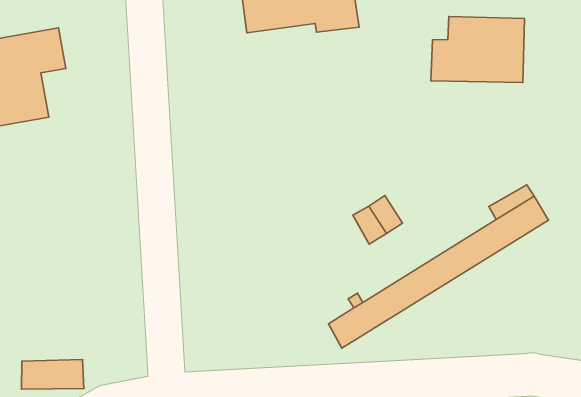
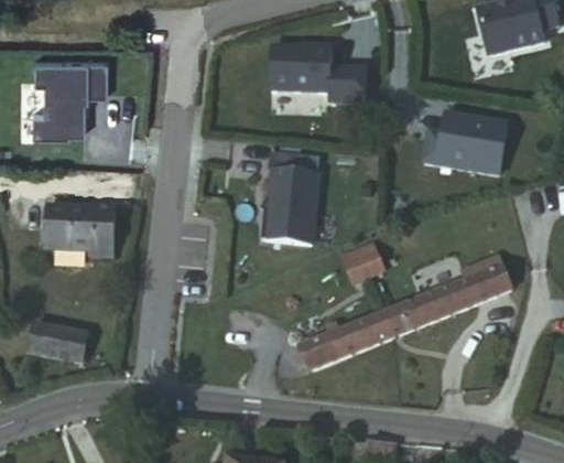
building: none -> [265,148,322,239]
building: none -> [37,211,106,269]

